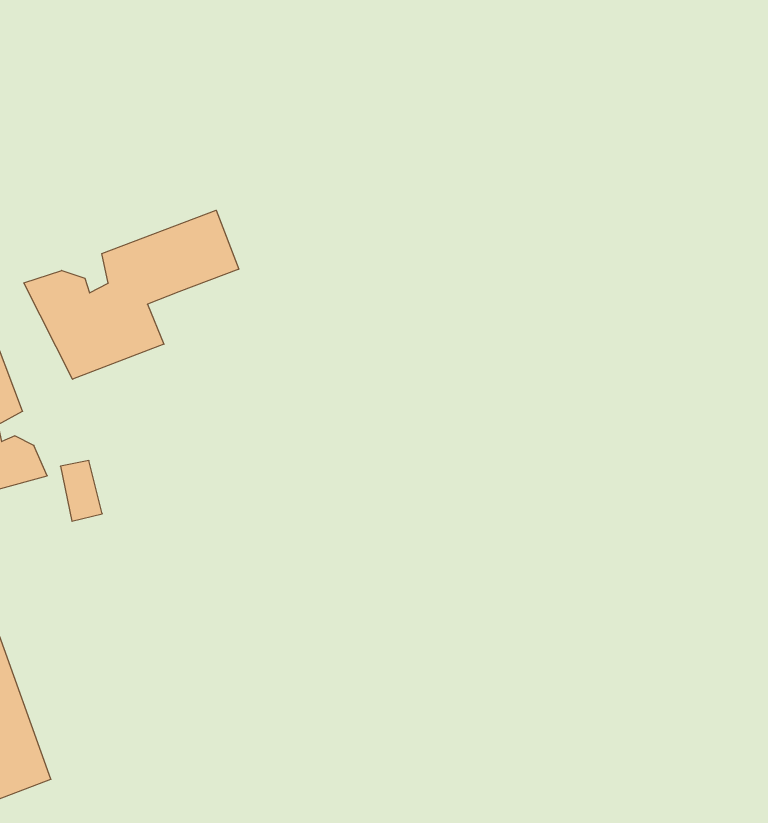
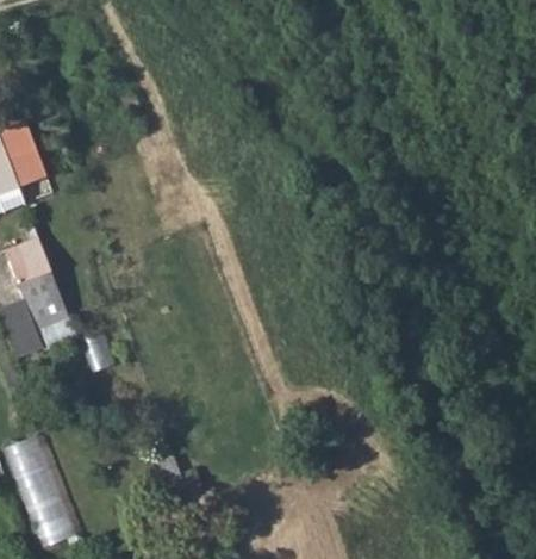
building: [24,210,239,379] -> none

